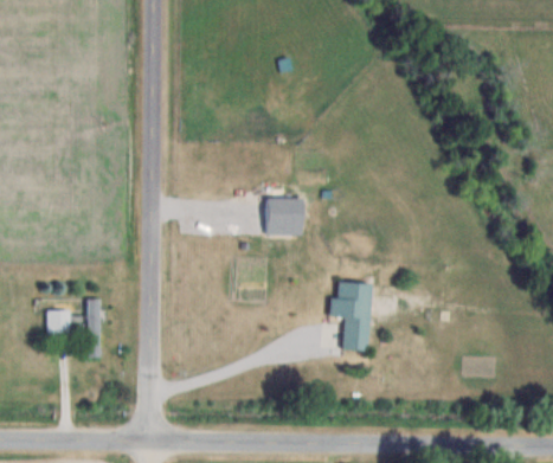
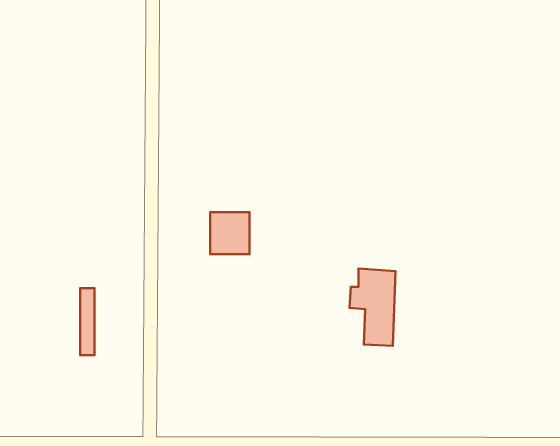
building: [266,197,302,234] -> [210,212,249,254]
building: [45,310,69,334] -> none

